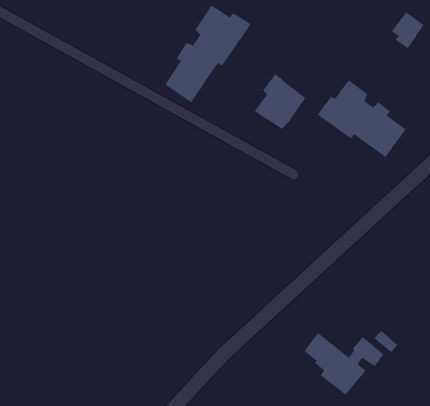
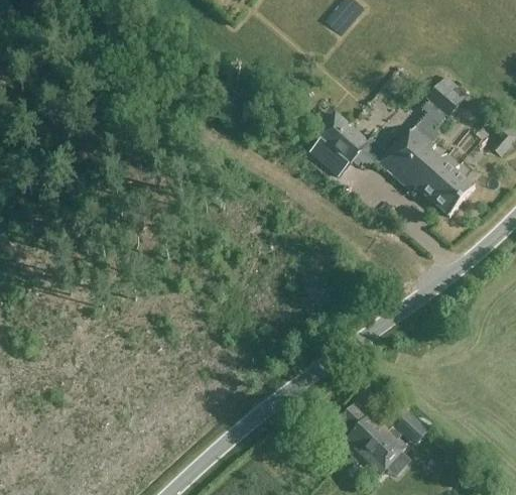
building: [164,5,251,103] -> none
building: [391,11,424,49] -> [426,79,464,120]

